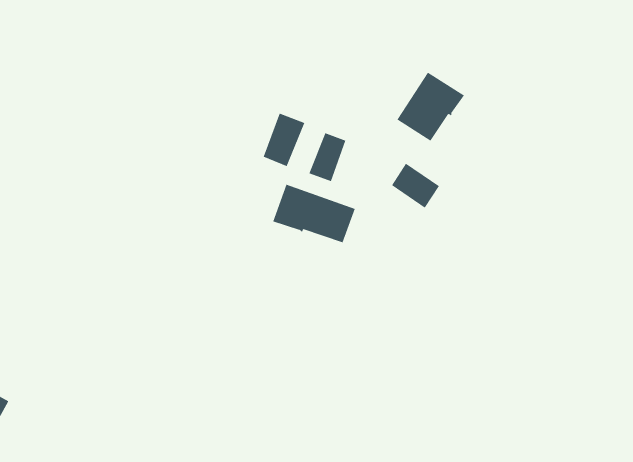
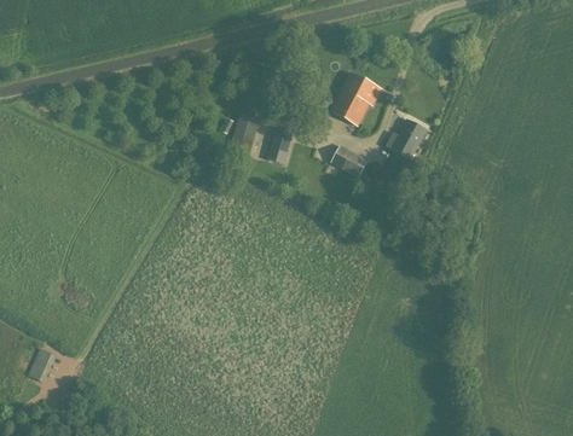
building: none -> [390,121,424,159]
building: [273,184,356,243] -> none

